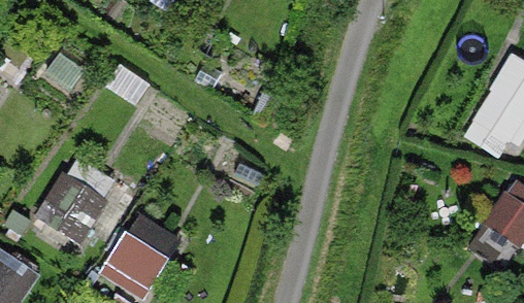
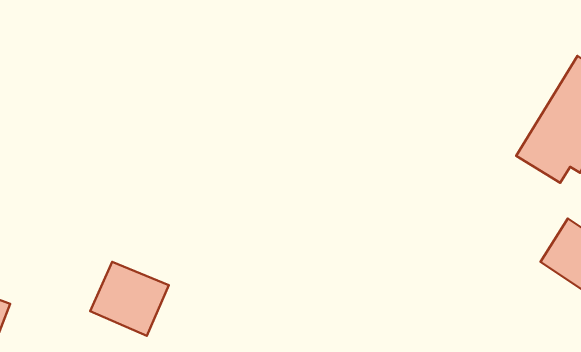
building: [38,167,111,240] -> none

